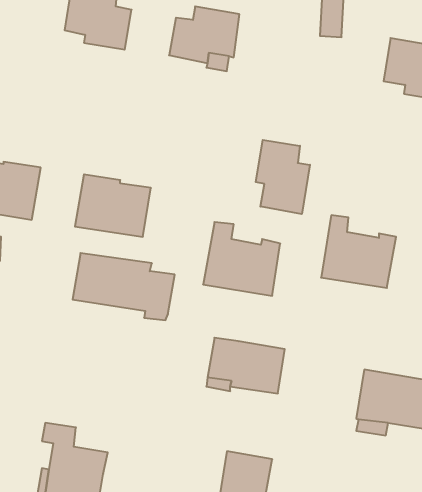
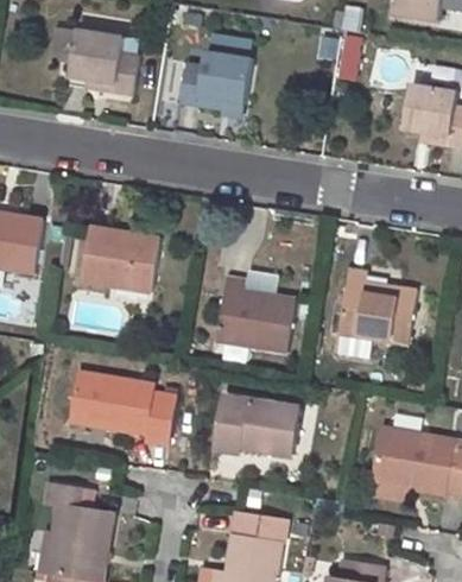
building: [256,140,310,214] -> none
building: [73,253,175,320] -> [70,372,177,442]

